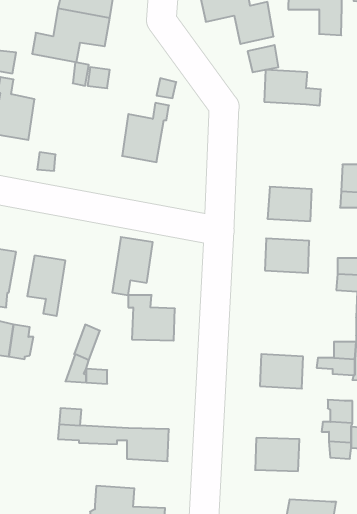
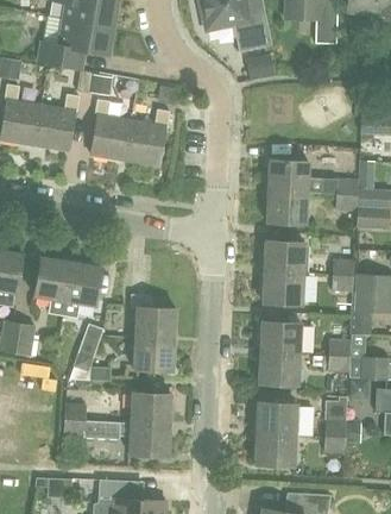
building: [264,70,321,105] -> [267,159,322,194]
building: none -> [34,94,80,151]
building: none -> [90,100,131,161]
building: [112,237,153,295] -> [62,262,101,318]
building: none -> [261,271,304,303]
building: none -> [259,321,301,355]
building: none -> [133,338,175,370]
building: none -> [131,391,172,425]
building: none -> [254,402,314,435]

